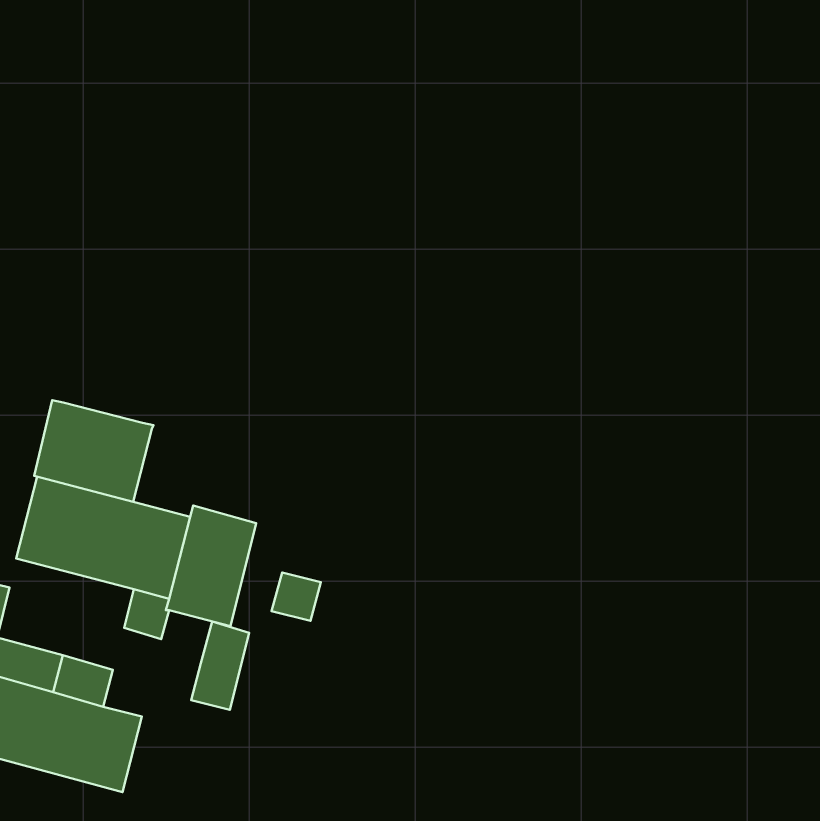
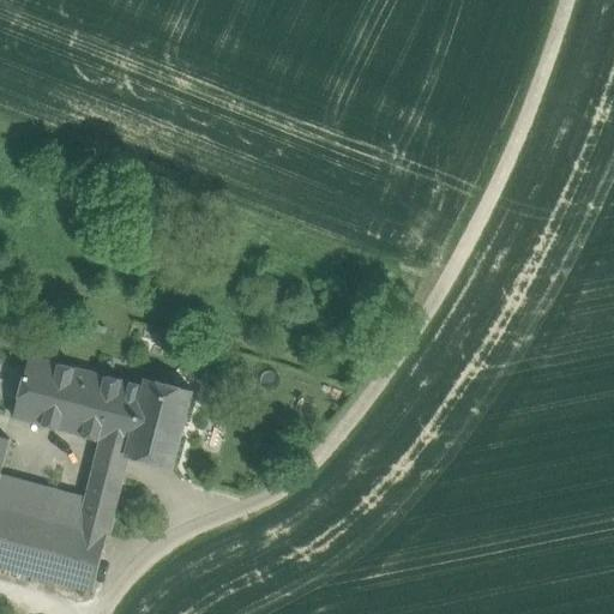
building: [34,400,153,502] -> none
building: [272,573,321,621] -> none
building: [191,621,249,710] -> [77,468,120,534]

